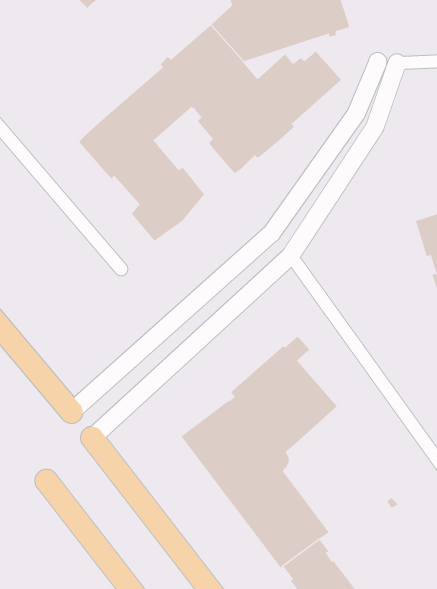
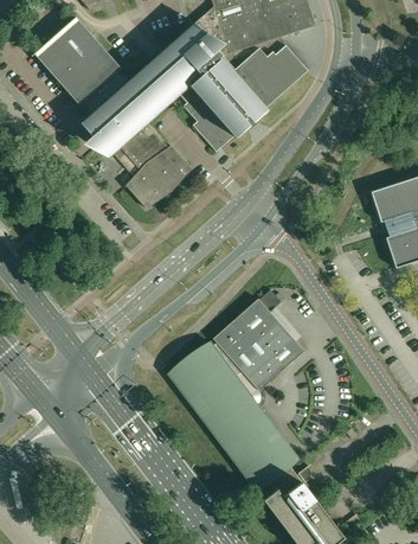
building: none -> [34,17,129,114]

